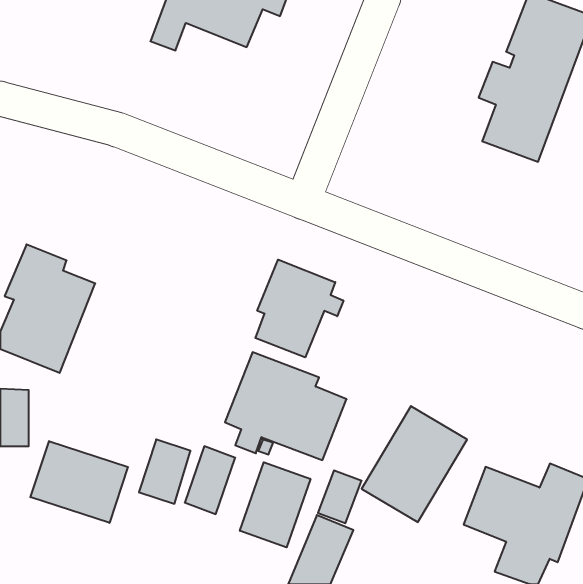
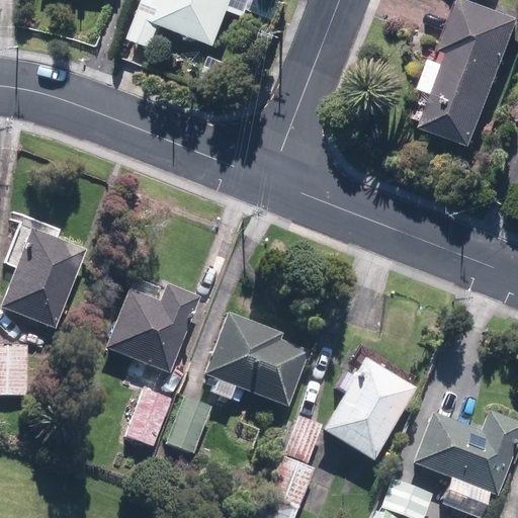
building: [255,260,343,357] -> none
building: none -> [104,283,198,373]
building: [30,441,128,523] -> none
building: [240,462,310,547] -> none

